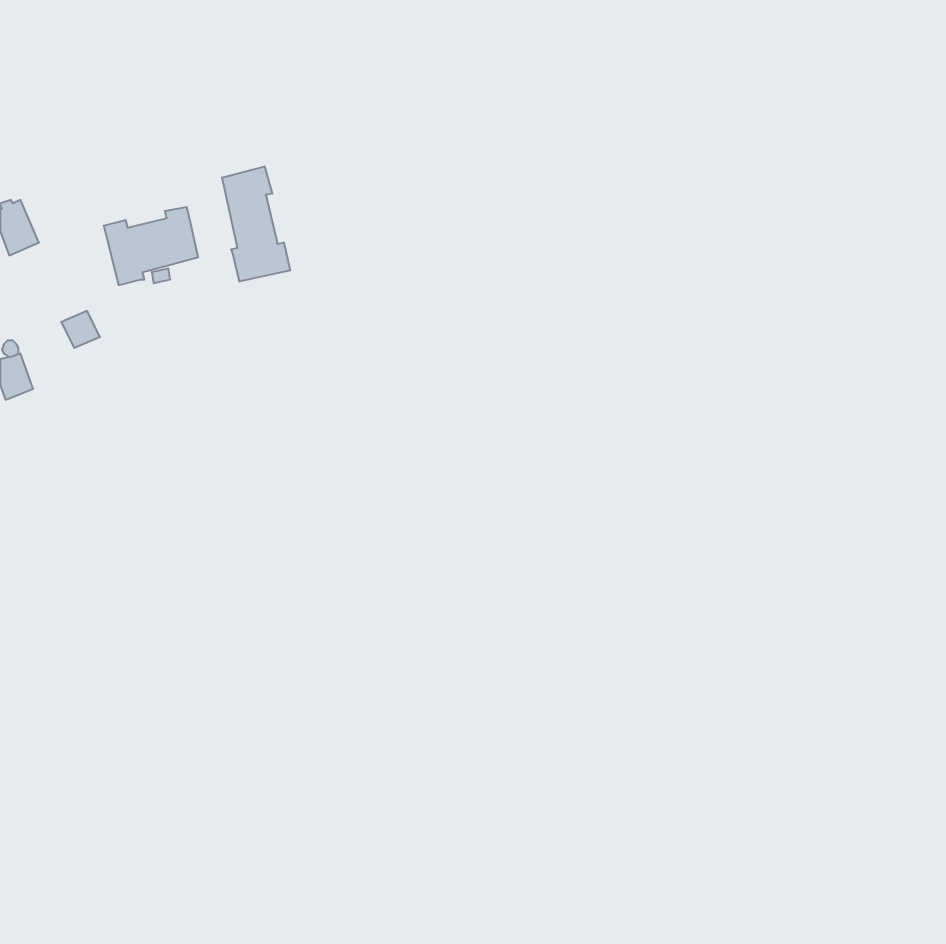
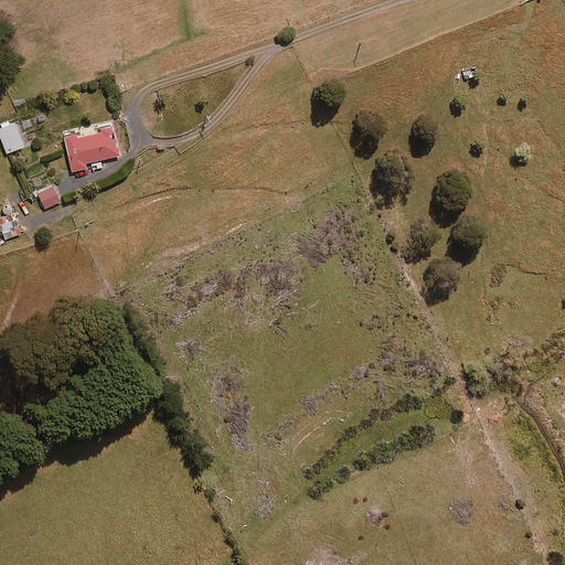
building: [222,166,290,282] -> none

